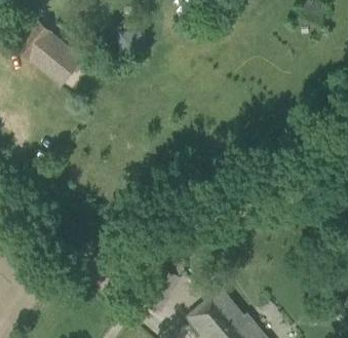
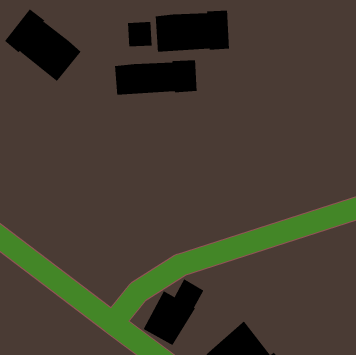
building: none -> [155,10,230,52]
building: none -> [115,59,197,95]

